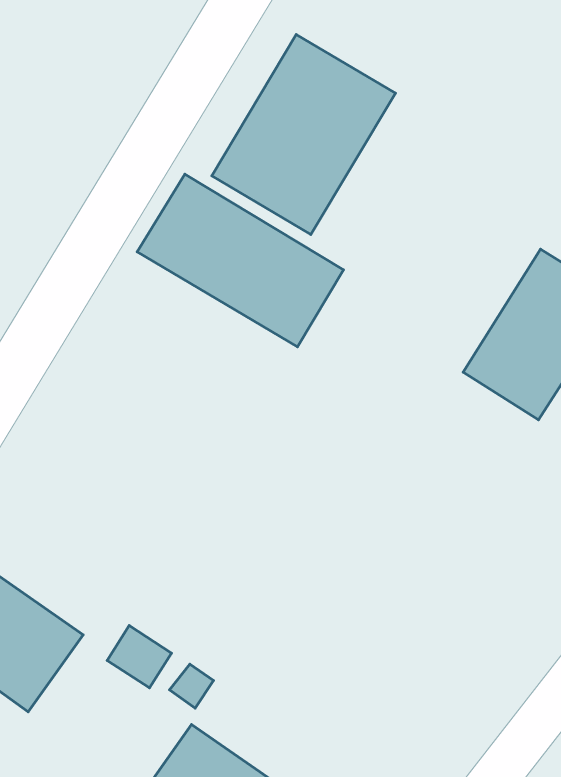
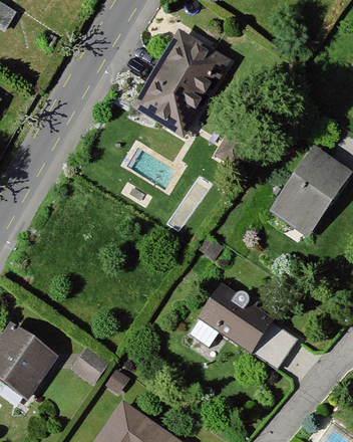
building: [137,174,344,347] -> none
building: none -> [194,284,300,372]

